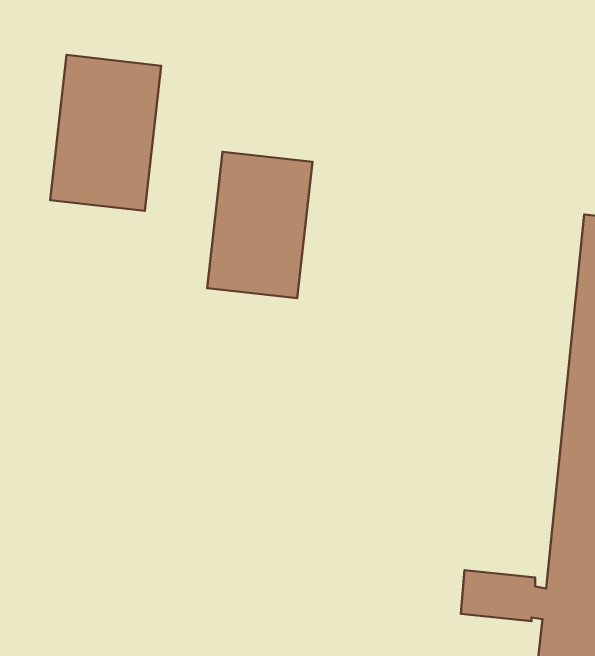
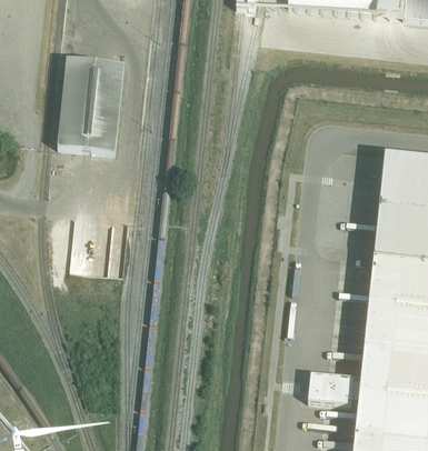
building: [207,152,313,298] -> none

